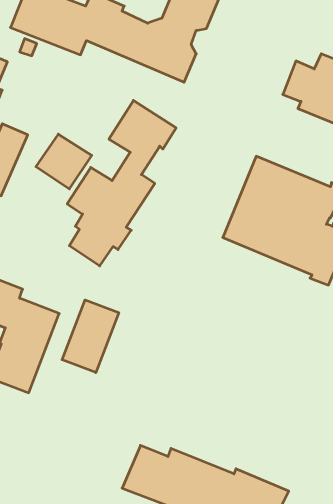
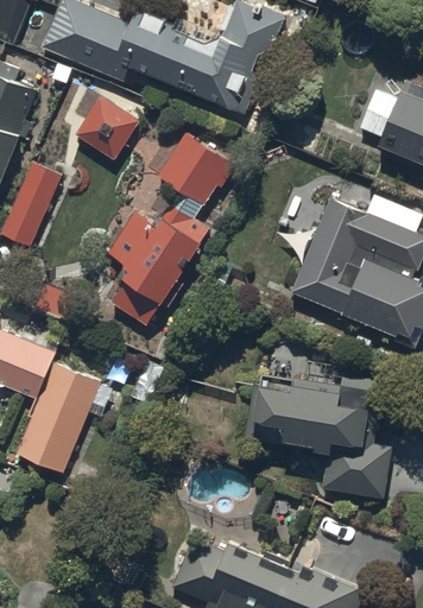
building: [36,134,92,189] -> [75,96,140,160]
building: [62,300,119,373] -> none
building: none -> [246,372,393,496]

